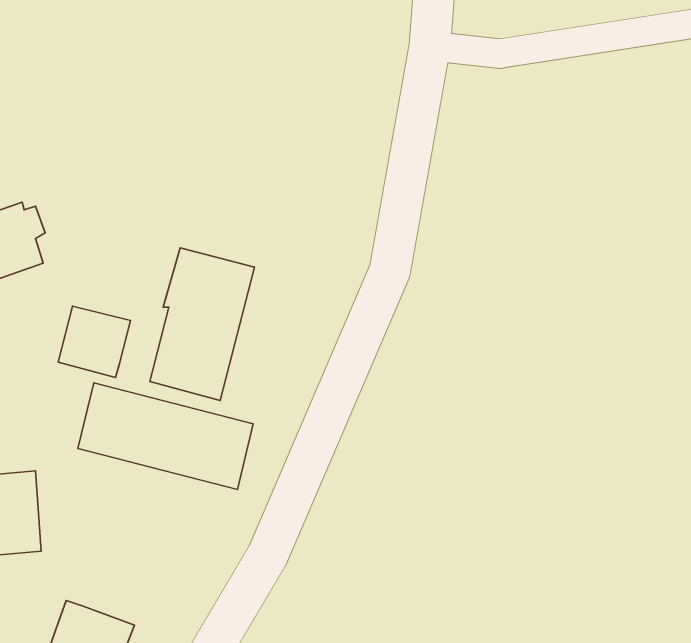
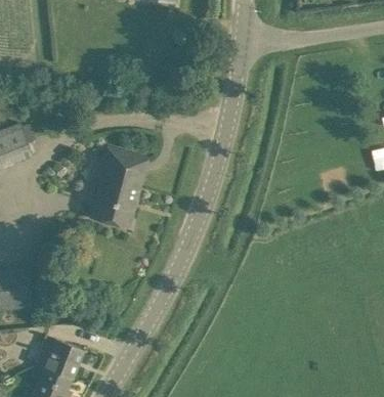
building: [58,306,131,377] -> none
building: [78,383,253,489] -> none

